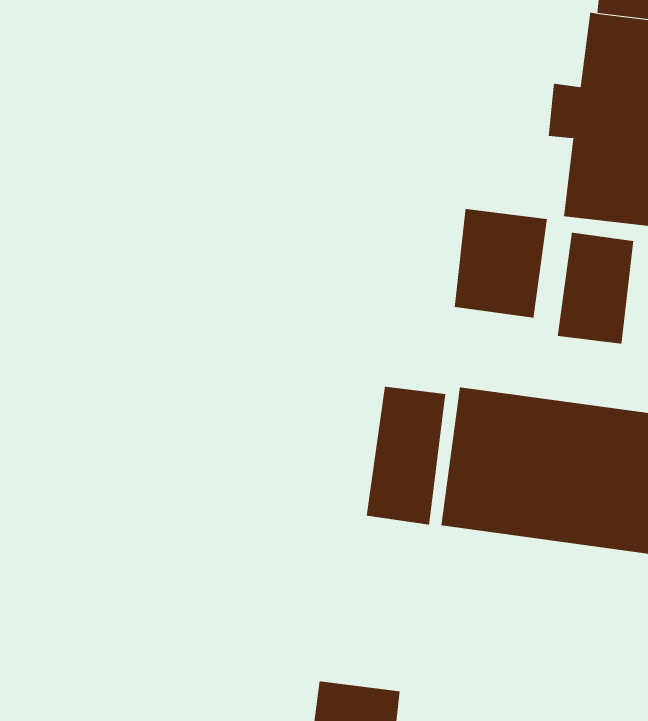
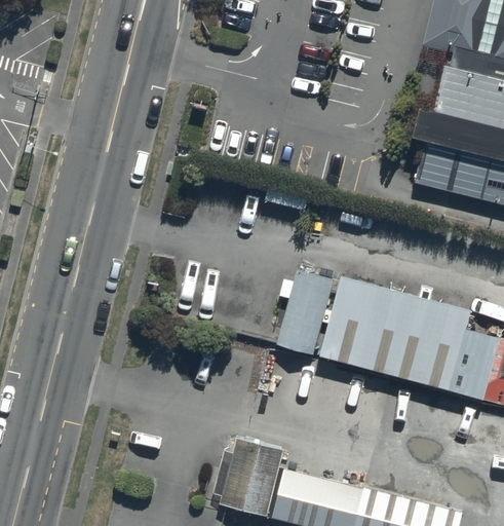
building: [454,208,548,318] -> none
building: [557,232,634,344] -> none

